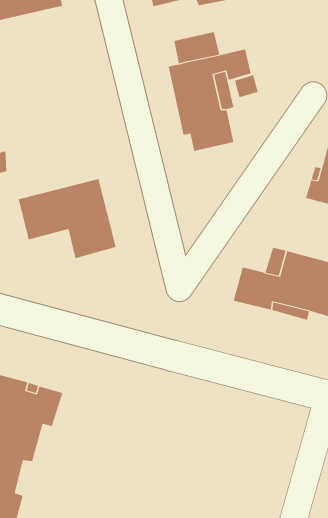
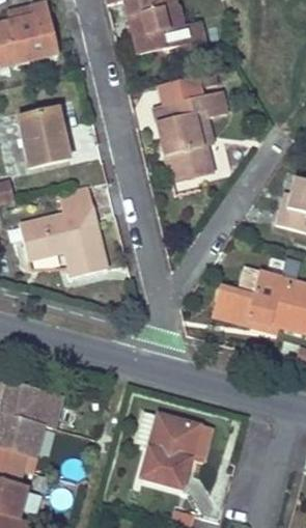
building: none -> [17,106,69,167]
building: none -> [135,412,200,488]

